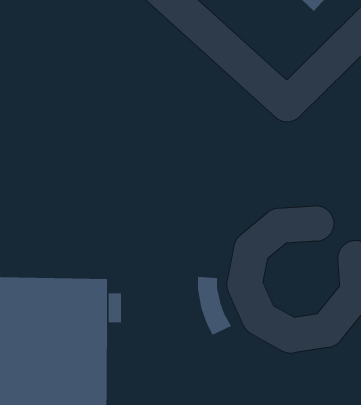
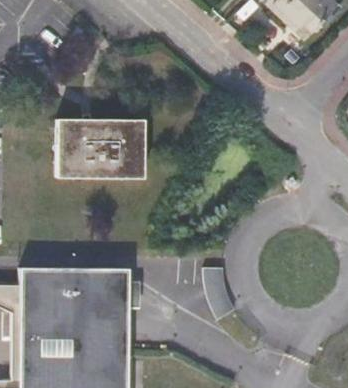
building: none -> [54,119,141,178]

